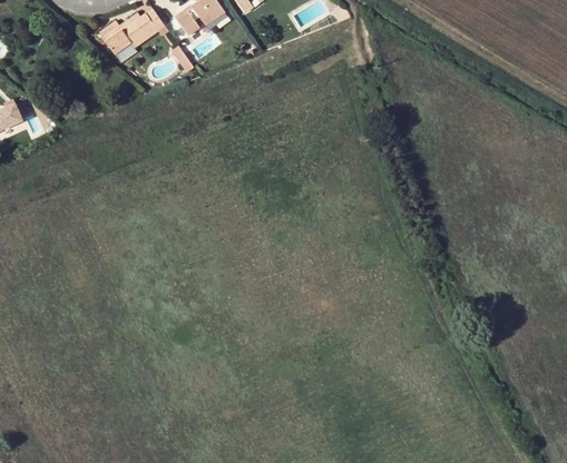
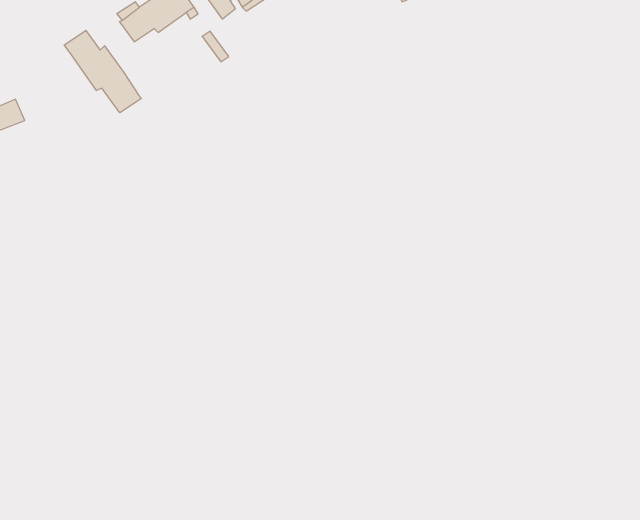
building: none -> [64,30,141,113]

